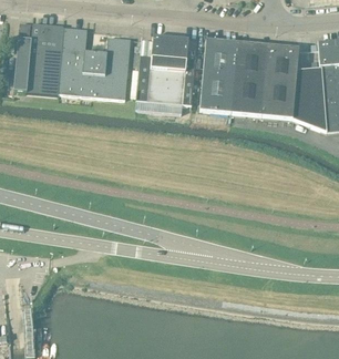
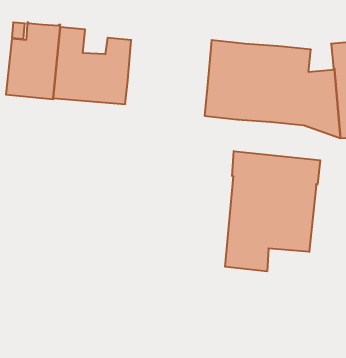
building: [136,34,195,113] -> none
building: none -> [225,151,320,271]

